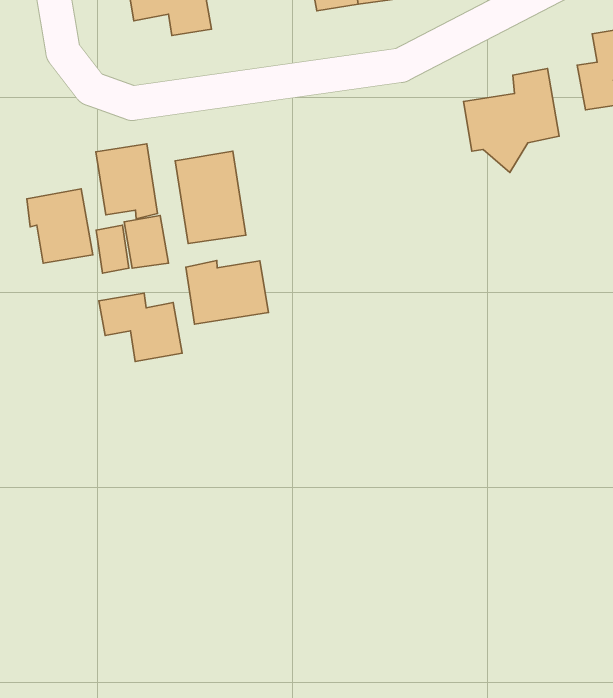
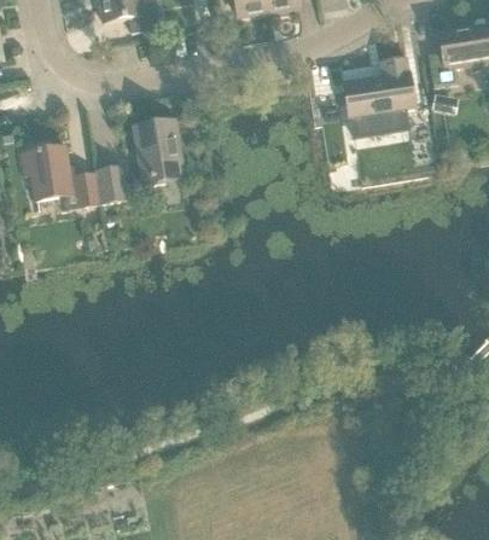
building: [96,144,158,219] -> none
building: [186,261,268,324] -> none
building: [99,293,182,362] -> none

